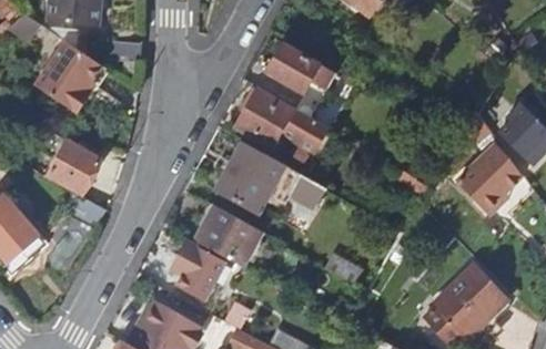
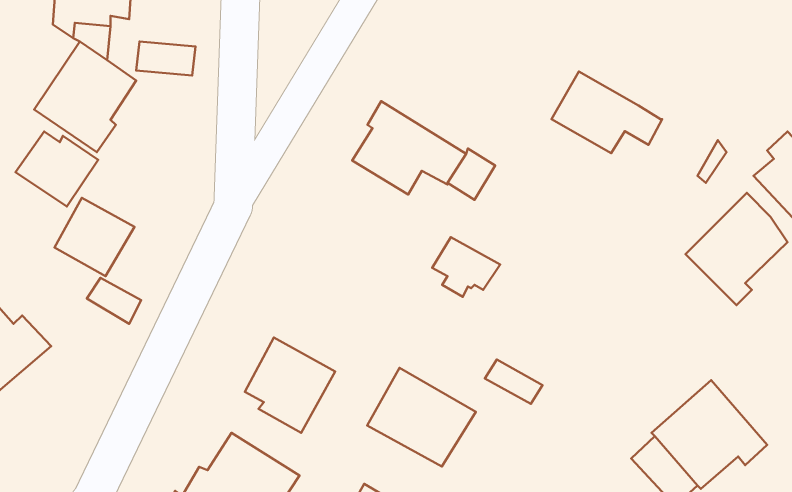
building: [266,39,338,92] -> [552,72,662,153]
building: none -> [16,132,98,207]
building: [216,137,287,209] -> none
building: [192,196,263,260] -> [367,368,476,466]

